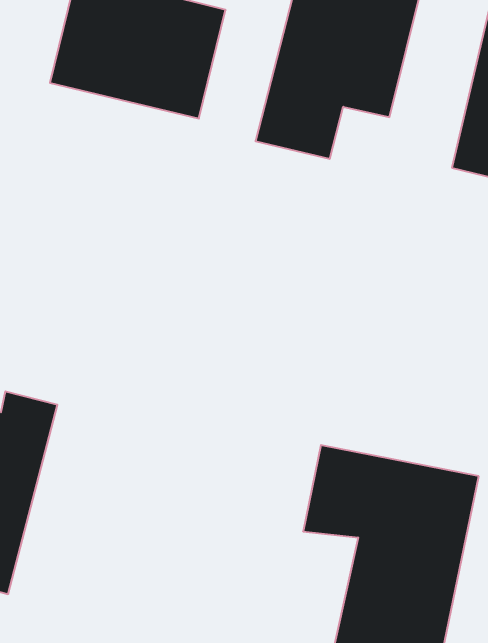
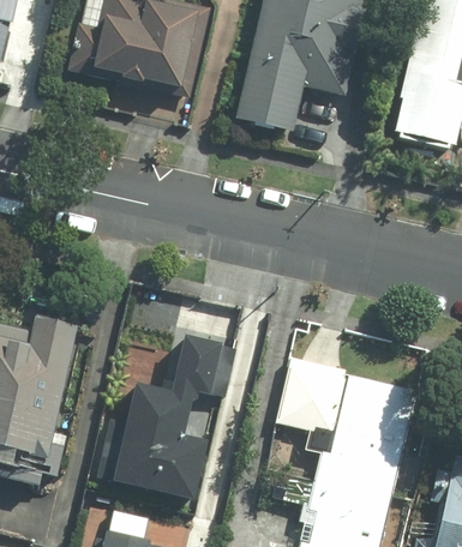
building: none -> [97,333,232,506]

